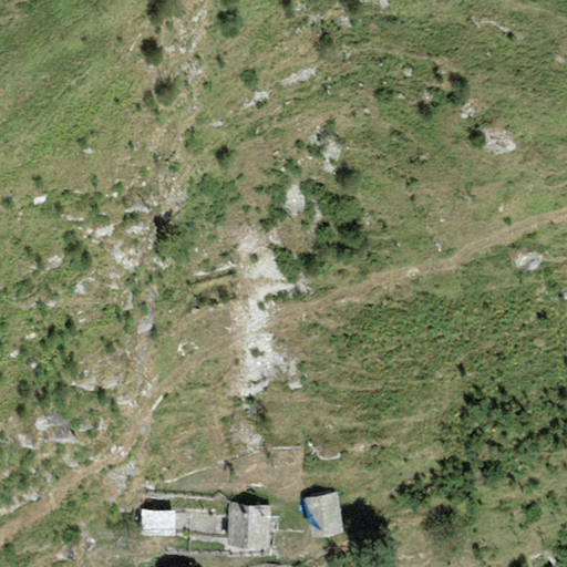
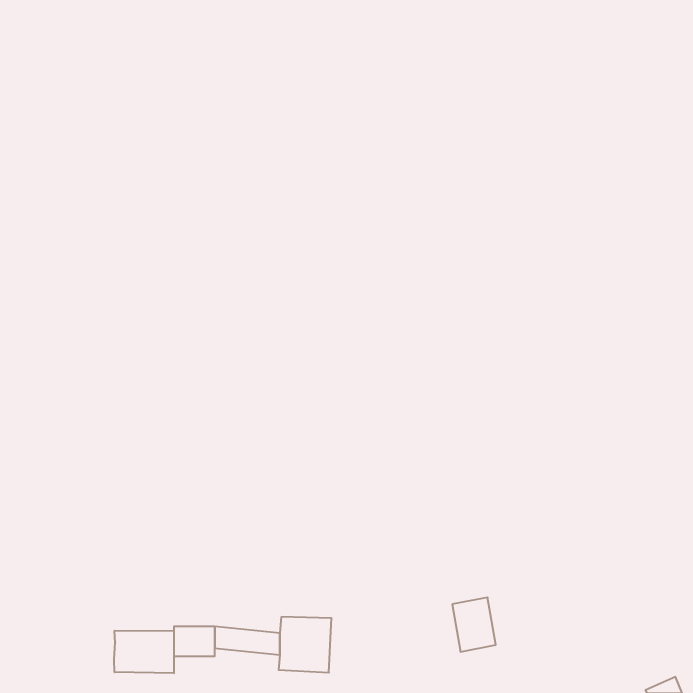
building: [307,493,342,537] -> [452,597,496,652]
building: none -> [114,631,174,673]

